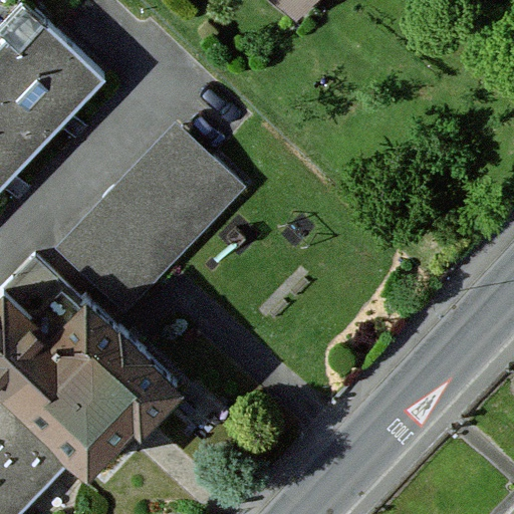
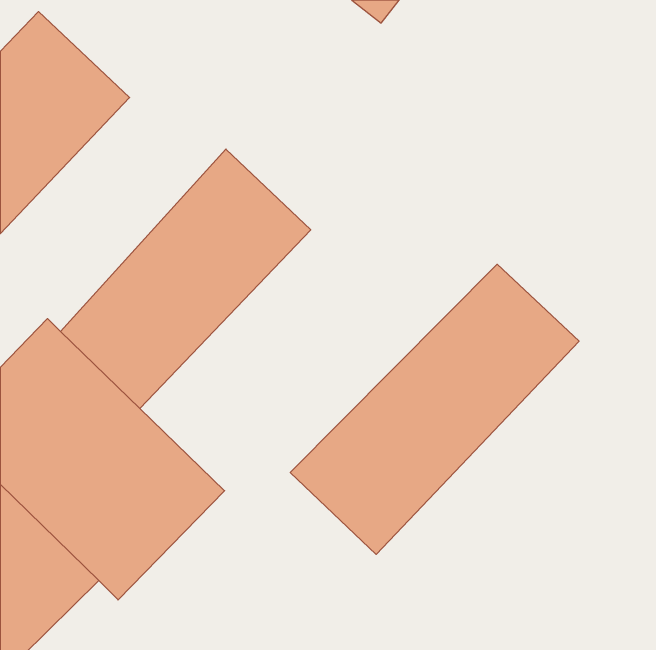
building: none -> [290,264,579,554]

